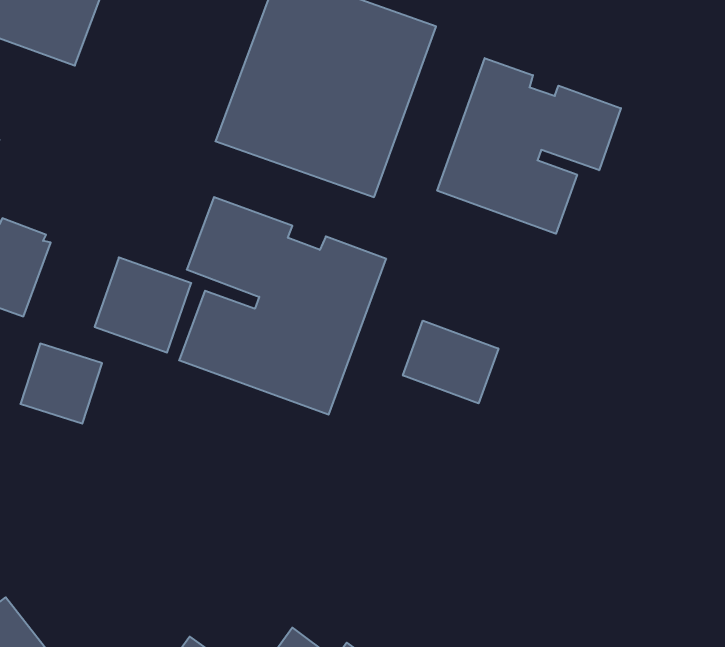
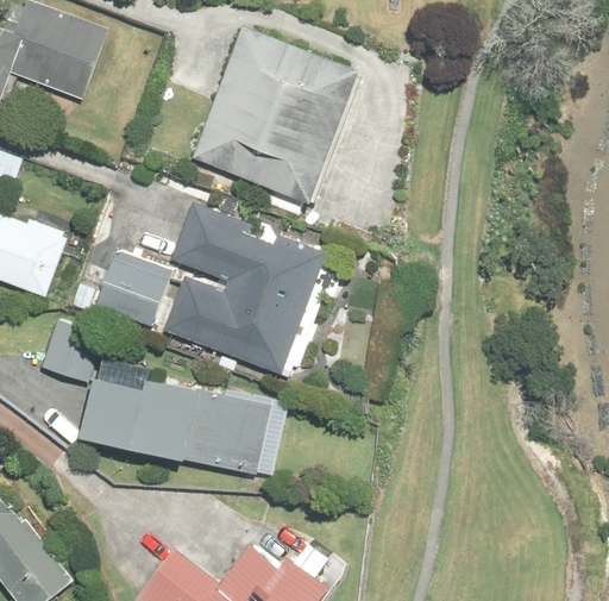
building: [437,58,621,234] -> none
building: [403,321,498,403] -> none
building: none -> [86,377,270,475]

